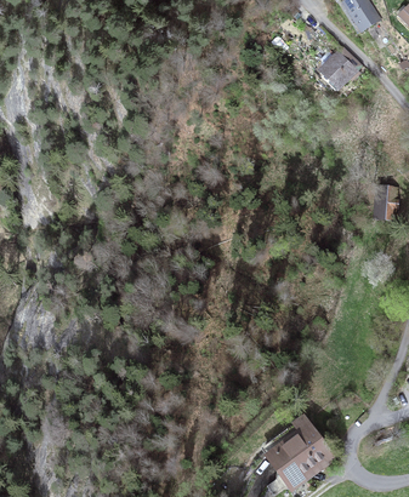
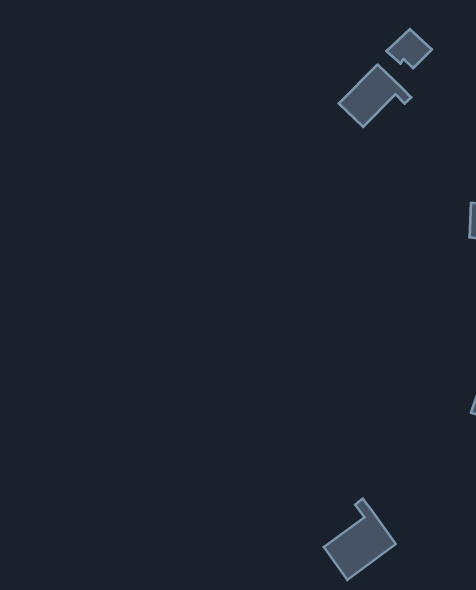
building: none -> [339,65,411,127]

